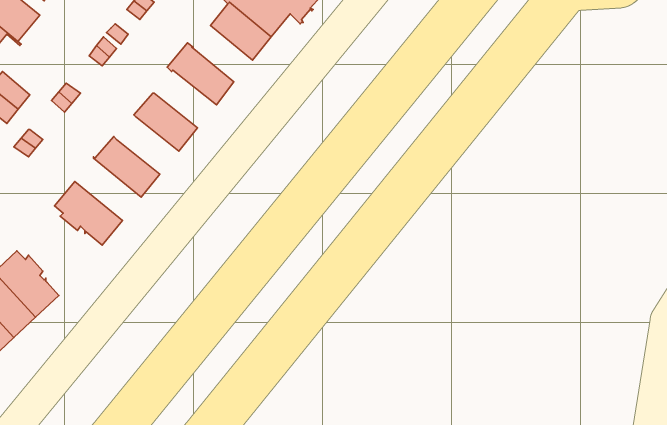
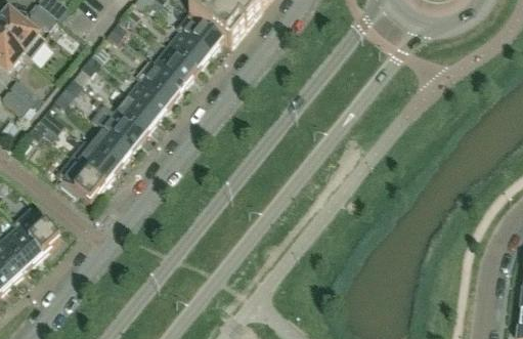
building: none -> [152,46,195,86]
building: none -> [125,78,170,119]
building: none -> [97,110,143,152]
building: none -> [70,140,117,184]

